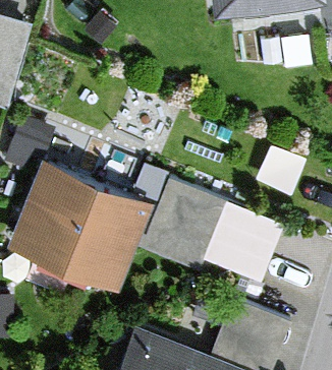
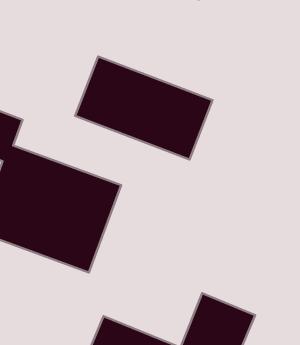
building: [147,187,281,288] -> [75,56,213,159]

